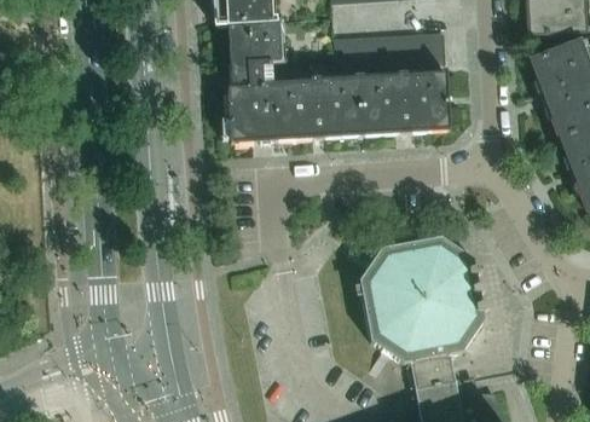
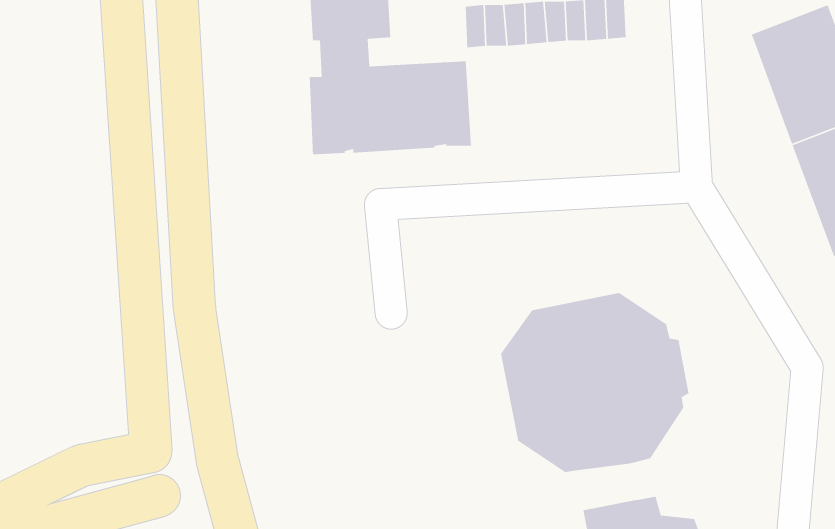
building: [335,70,450,137] -> none
building: [410,355,452,387] -> none

